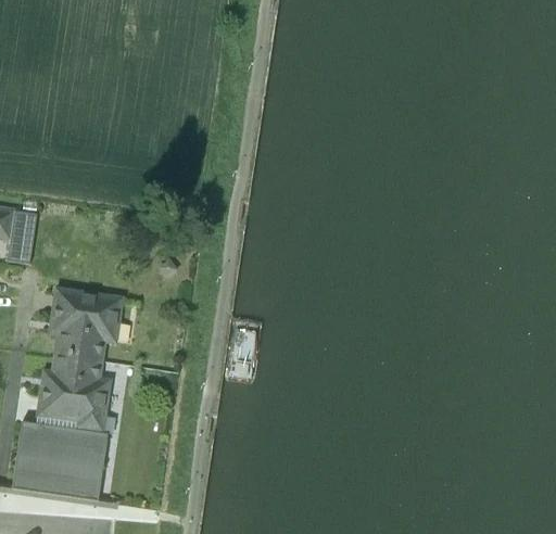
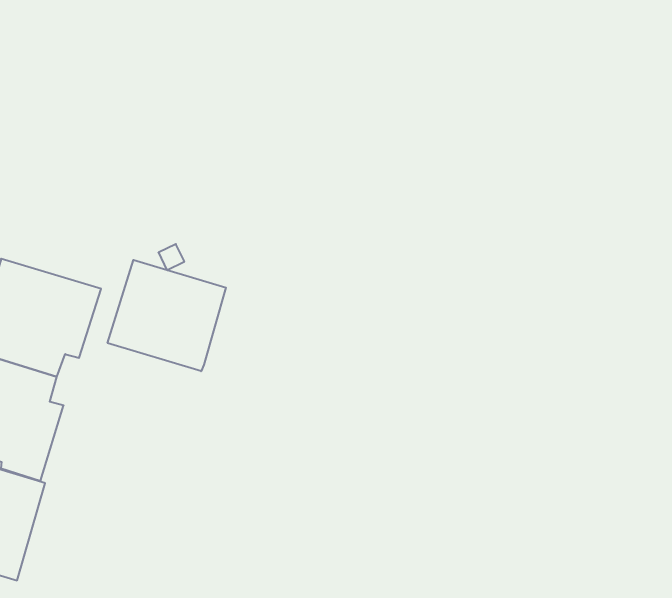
building: none -> [108,260,226,371]

